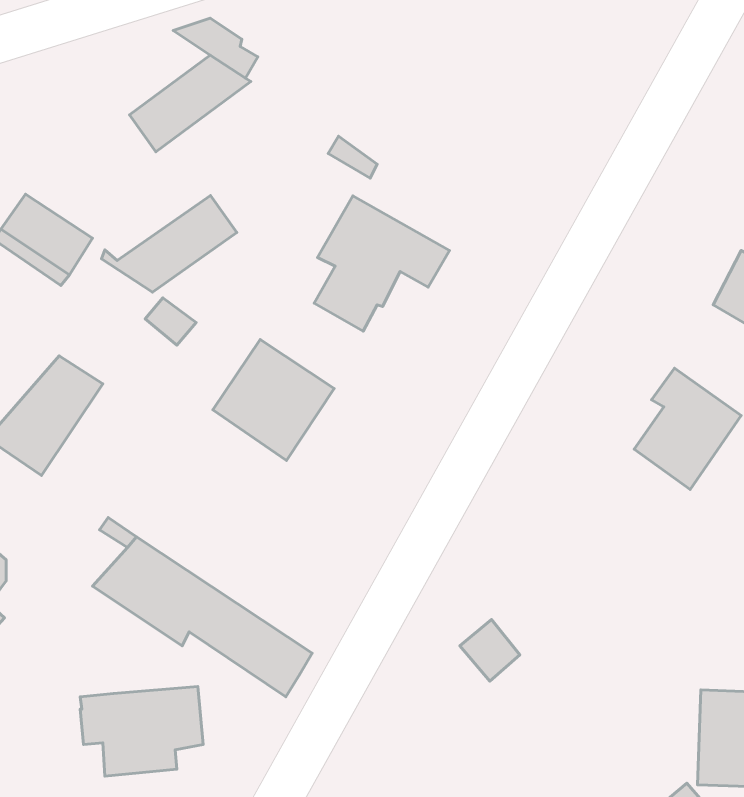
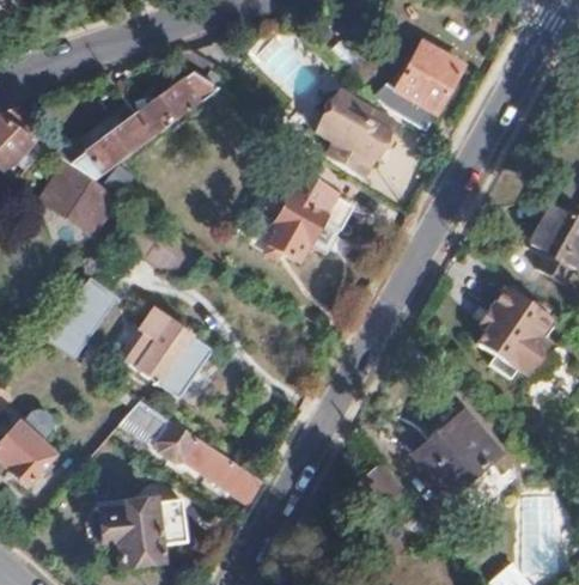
building: none -> [378,42,463,129]
building: none -> [317,89,401,171]
building: [101,195,237,292] -> [62,112,154,178]
building: [213,339,334,461] -> [120,309,202,391]
building: none -> [418,408,504,490]

